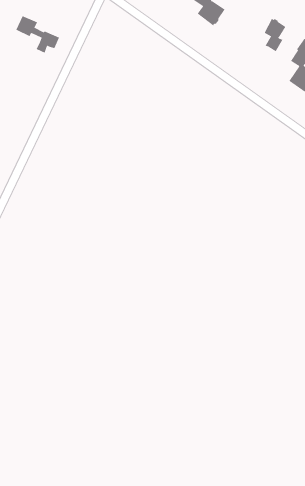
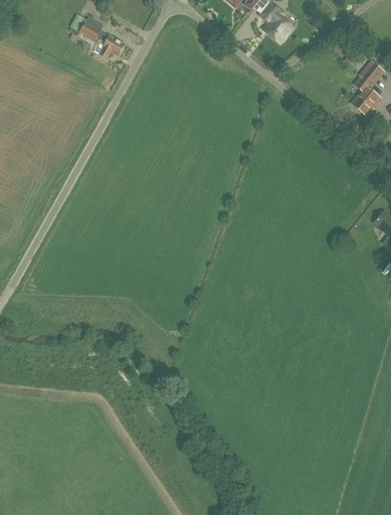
building: [264,18,286,52] -> none

